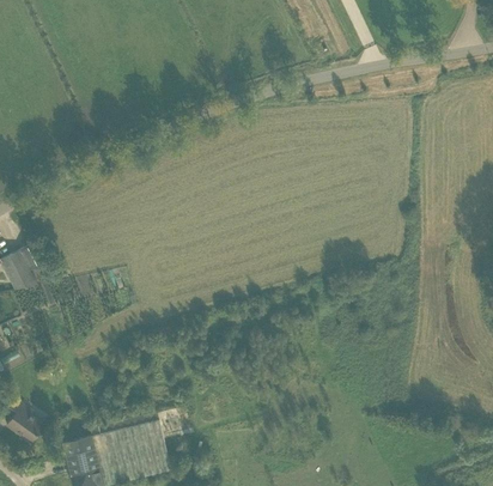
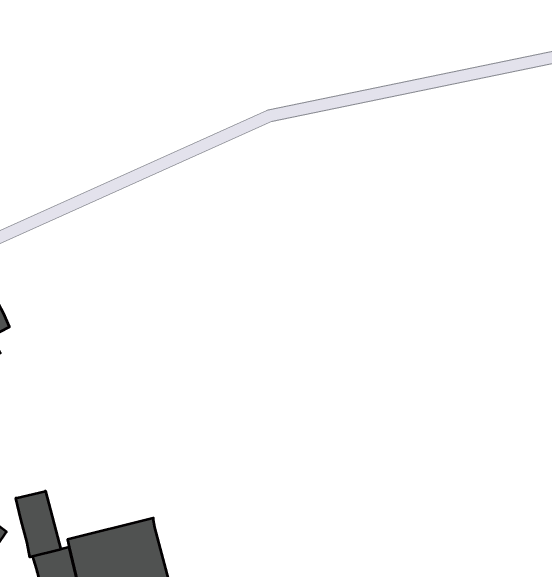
building: none -> [16,491,61,557]

